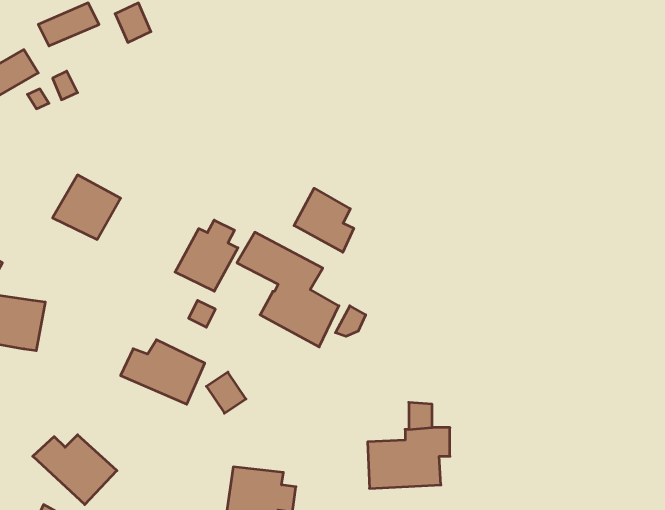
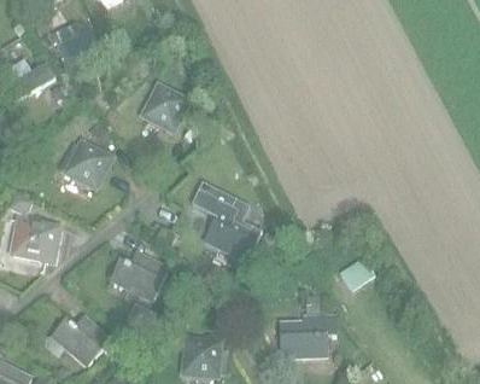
building: none -> [142,87,188,133]
building: [294,188,354,252] -> none
building: [175,220,238,291] -> none

